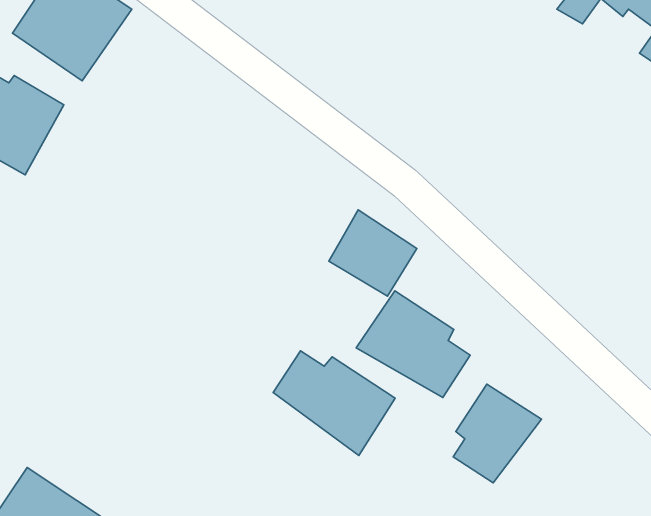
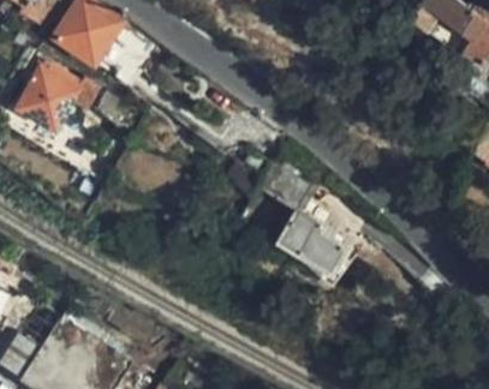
building: [273,351,395,456] -> none
building: [453,384,542,483] -> none

